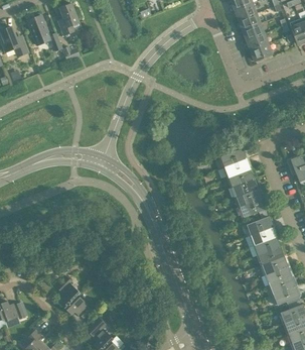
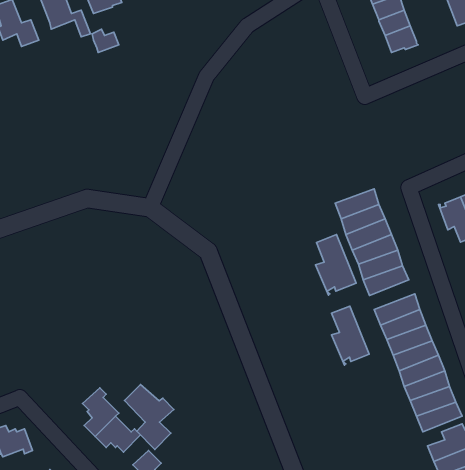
building: none -> [315,234,356,295]
building: none -> [332,306,369,365]
building: none -> [125,384,174,449]

